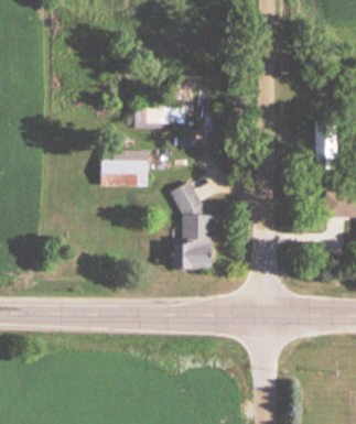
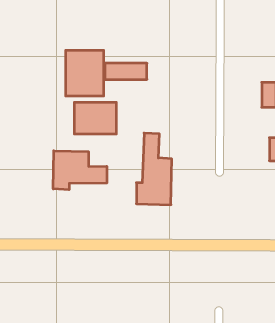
building: none -> [66,50,104,96]
building: none -> [53,151,107,190]

